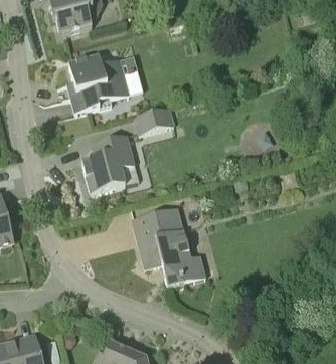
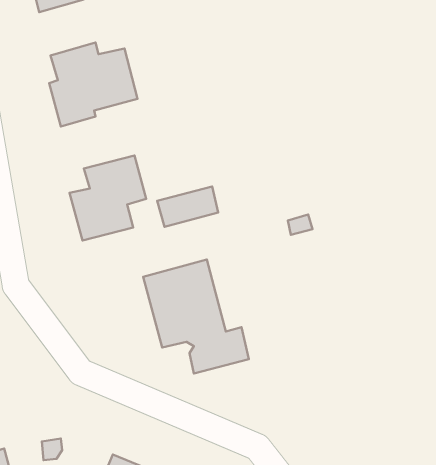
building: [132,105,174,133] -> [157,187,218,227]

